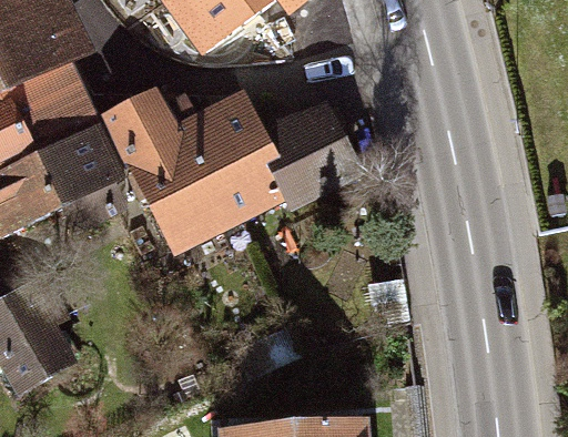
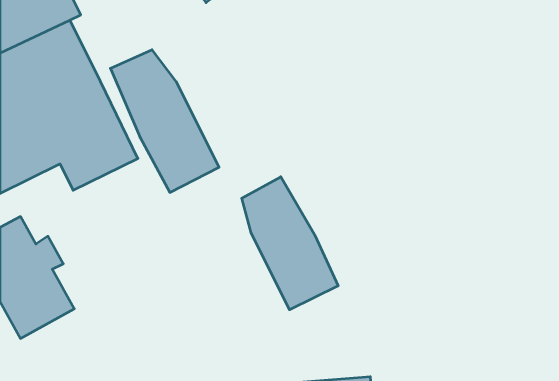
building: [179,96,354,215] -> none
building: none -> [242,177,338,310]

